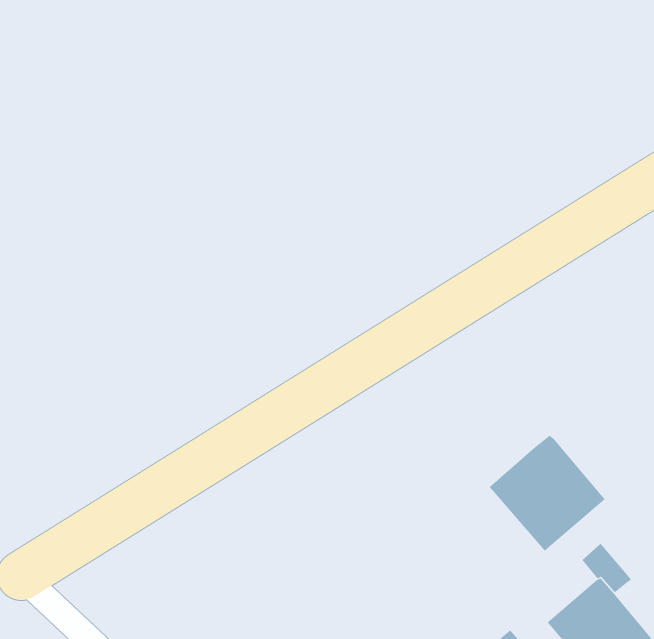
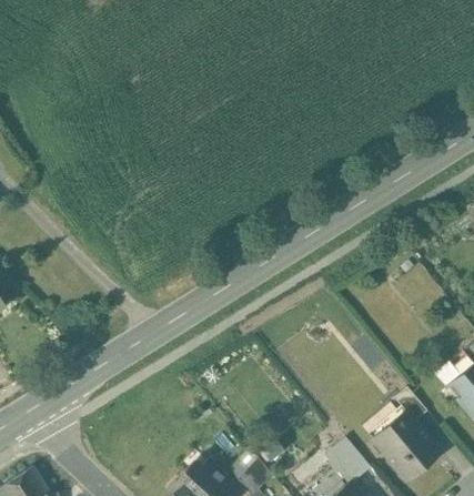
building: [489,435,605,552] -> none

